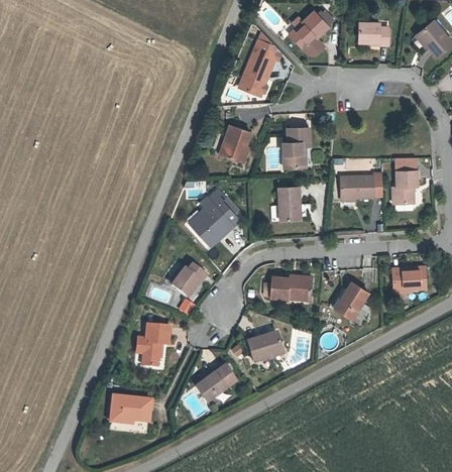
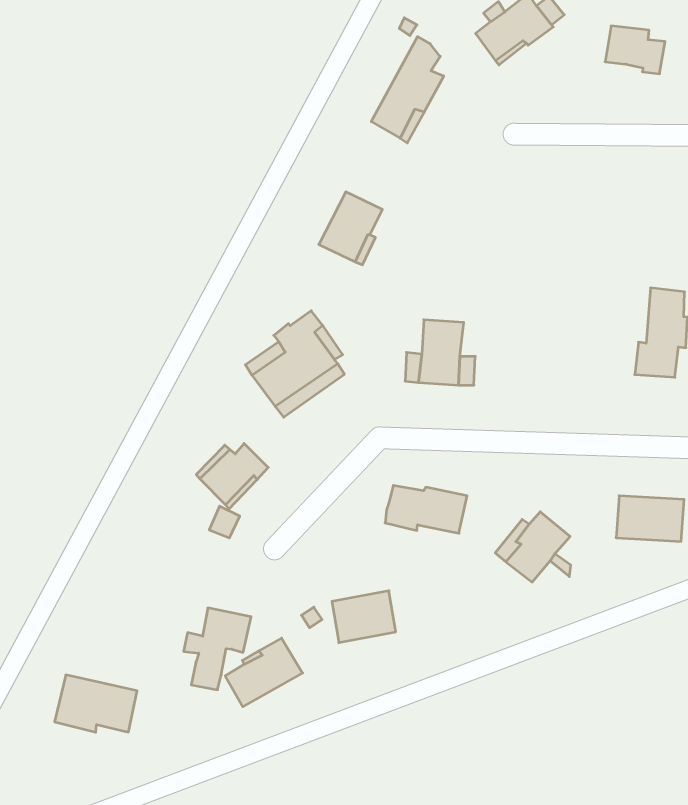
building: [282,127,310,167] -> none
building: [340,172,382,198] -> none
building: [136,324,170,366] -> [184,608,251,690]

